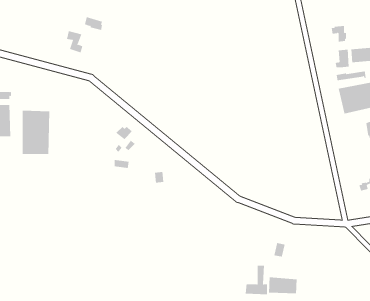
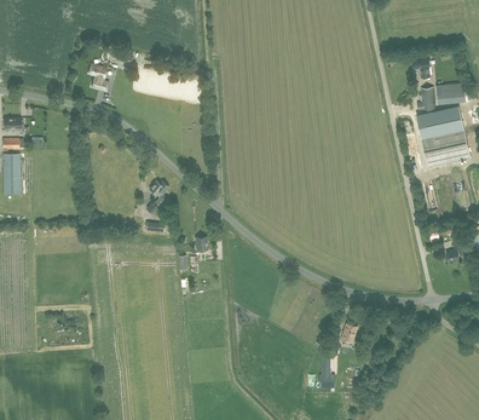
building: [22,110,50,155] -> none
building: [268,276,297,294] -> none

